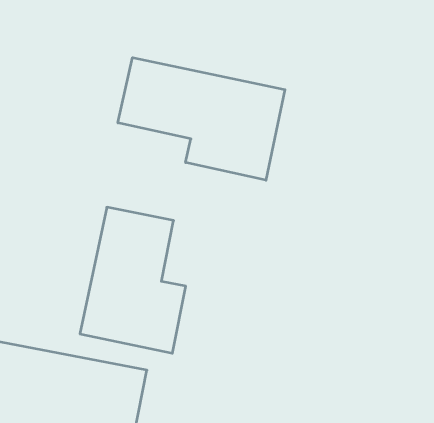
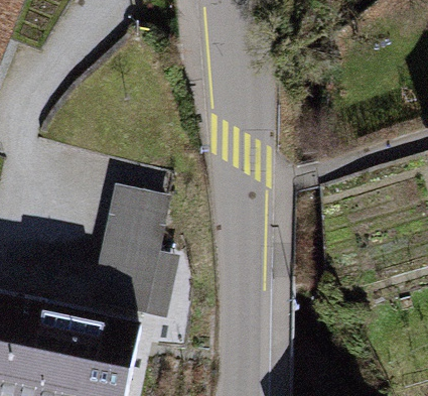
building: [118,58,285,180] -> none

